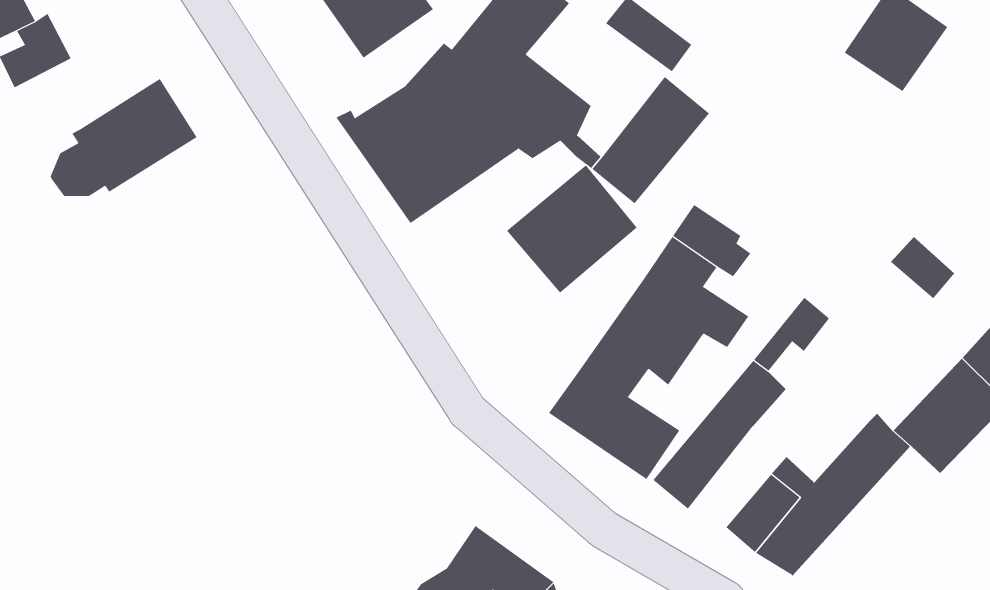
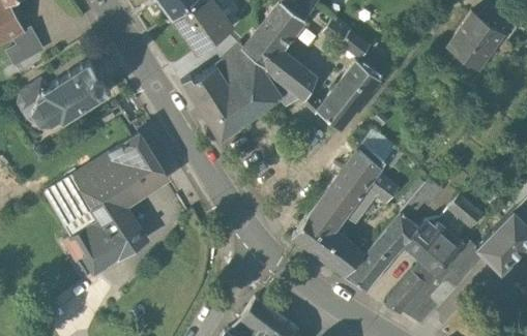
building: none -> [18,82,48,122]
building: [506,164,637,293] -> none
building: none -> [45,134,168,275]
building: [890,236,955,299] -> [447,195,481,228]
building: none -> [402,219,463,276]

